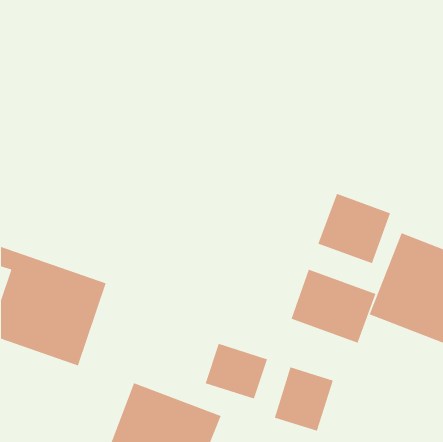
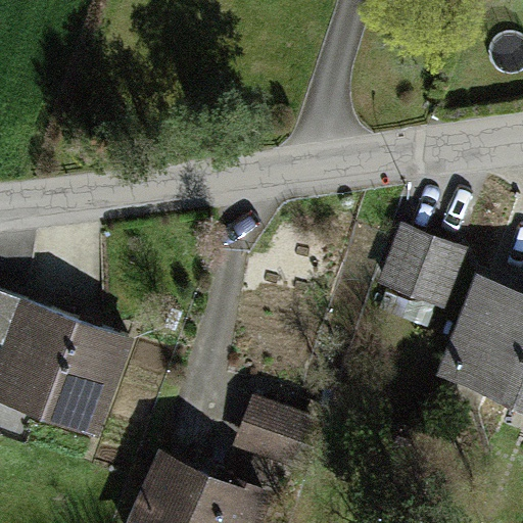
building: [291,269,376,343] -> none
building: [274,366,333,431] -> none

